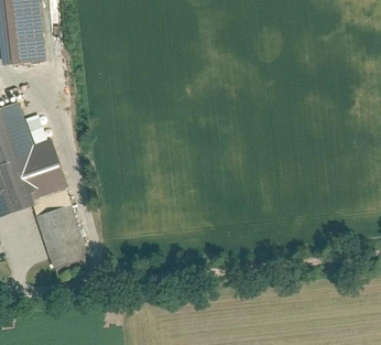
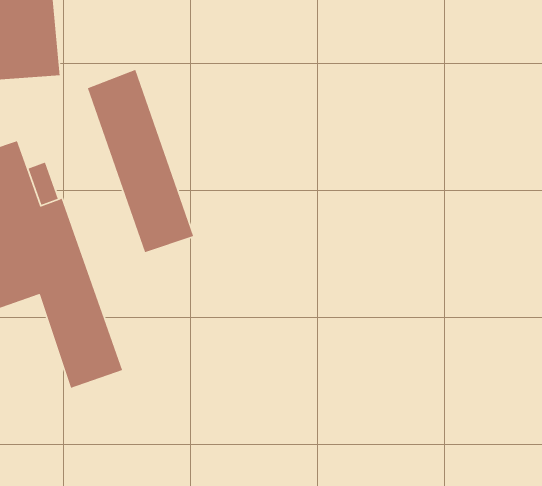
building: none -> [87,69,194,253]

